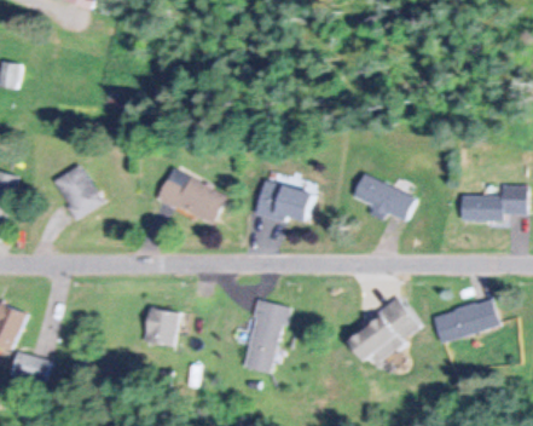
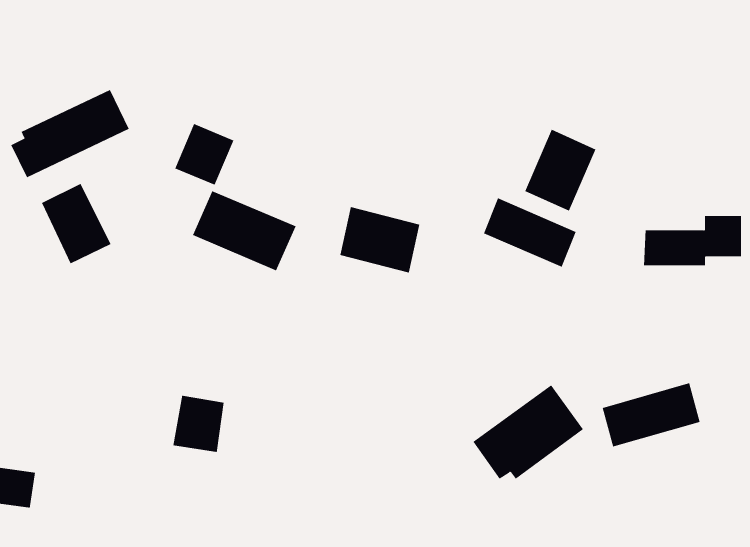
building: none -> [10,89,130,178]
building: none -> [174,123,234,186]
building: none -> [524,129,596,212]
building: [244,301,288,374] -> none

